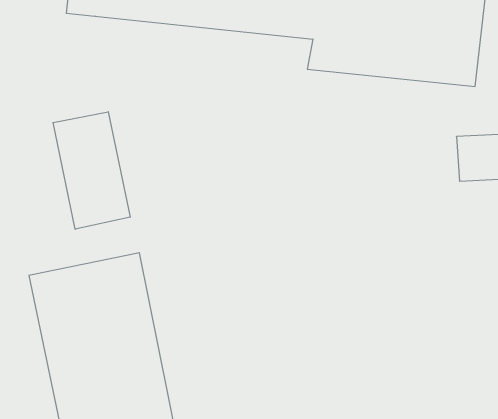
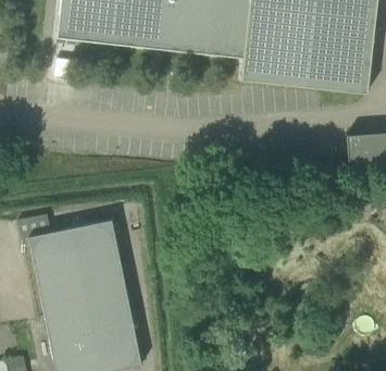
building: [53,112,130,229] -> none

